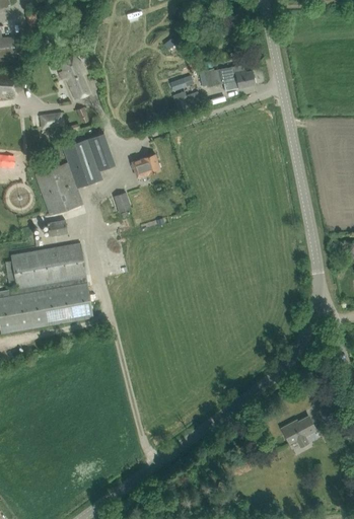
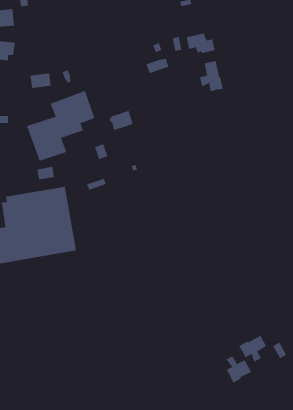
building: [61,58,89,99] -> none
building: none -> [200,60,223,92]
building: none -> [226,356,252,383]

